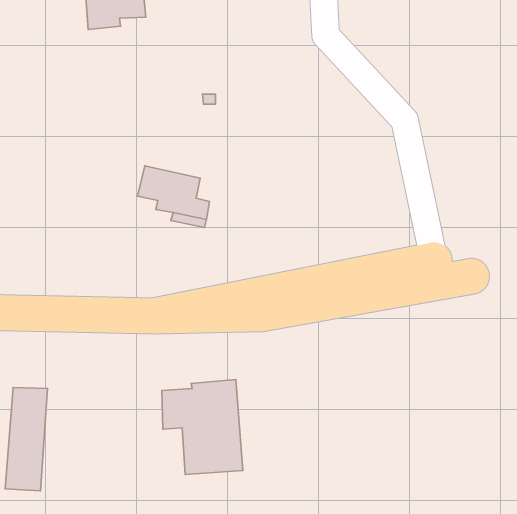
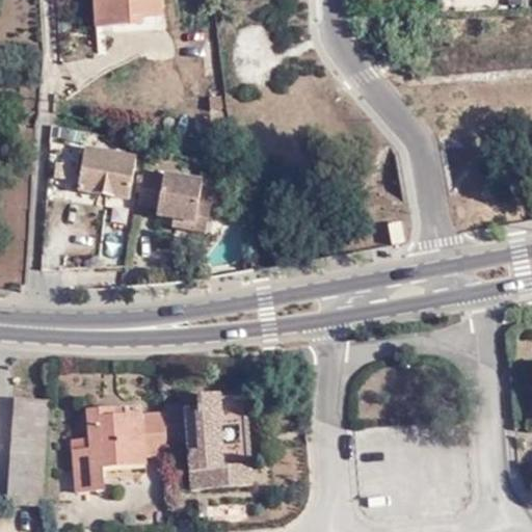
building: none -> [81,148,141,200]
building: none -> [70,404,168,488]

